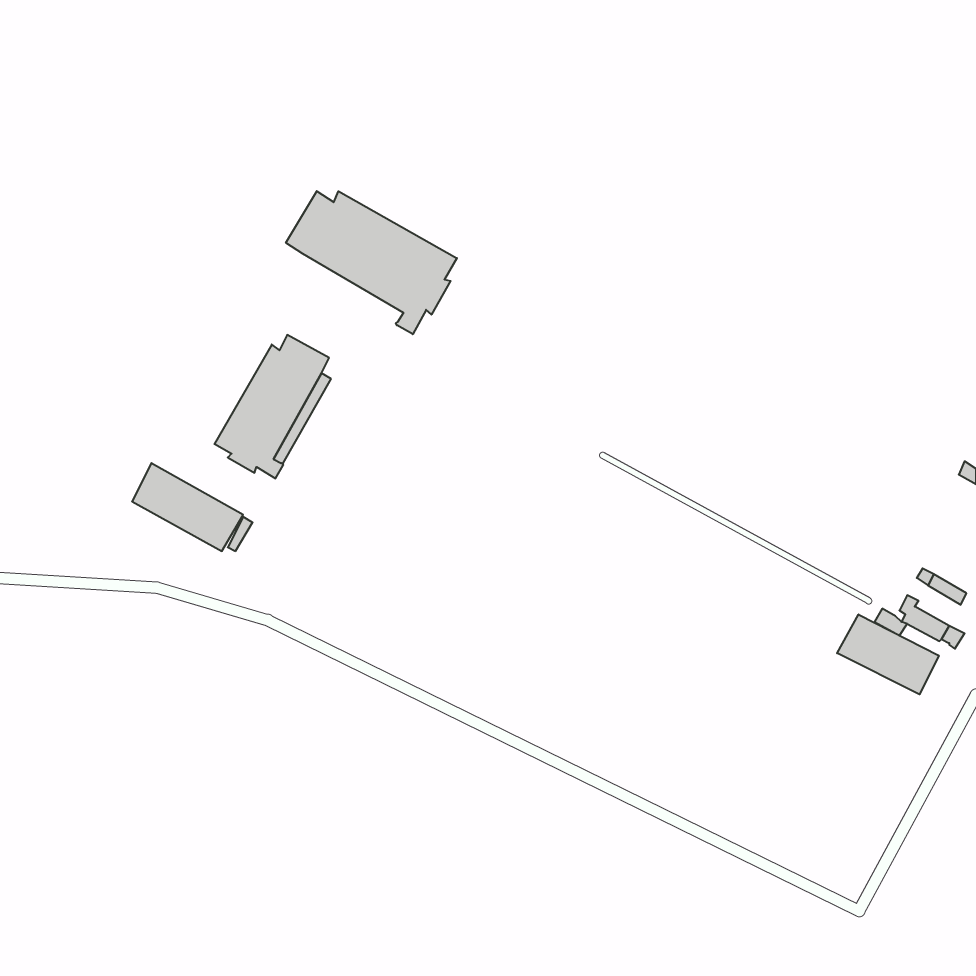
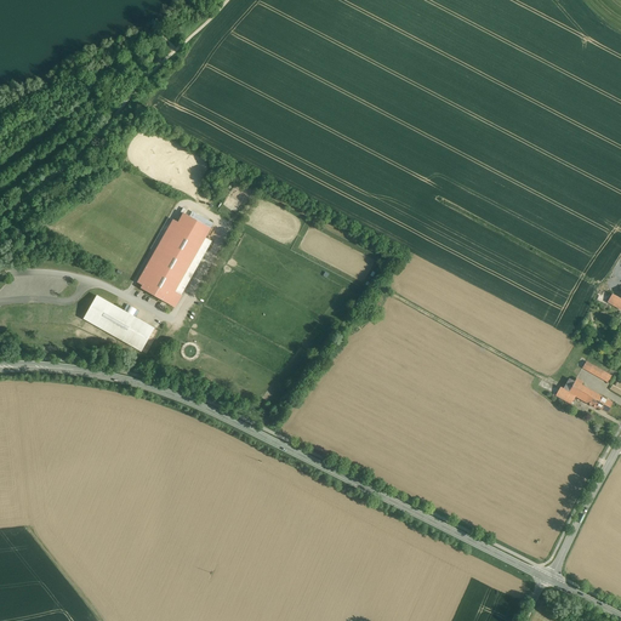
building: [286,191,457,334] -> none
building: [837,614,939,694] -> none

